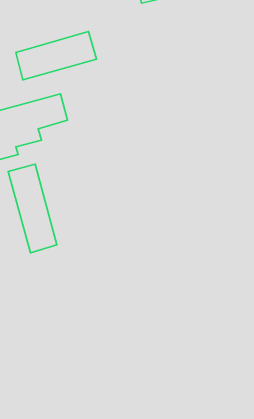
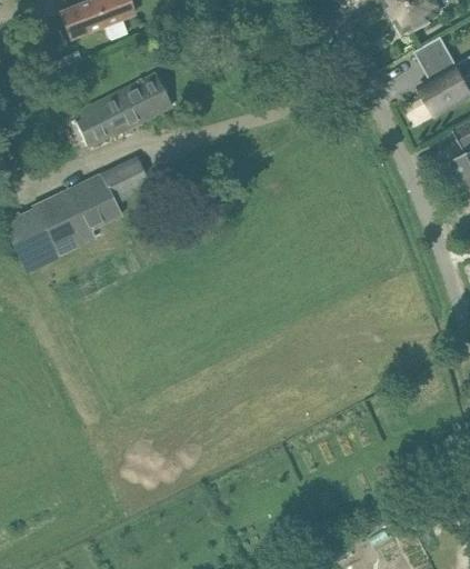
building: [8,164,57,253] -> none

